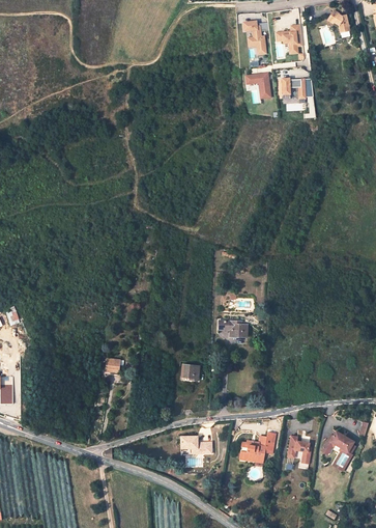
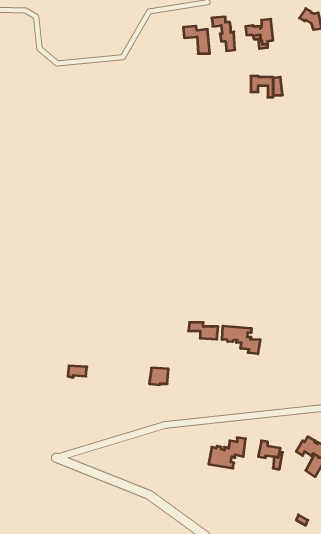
building: [242,72,268,99] -> [183,26,210,54]
building: none -> [222,326,260,354]
building: [180,436,212,453] -> none

